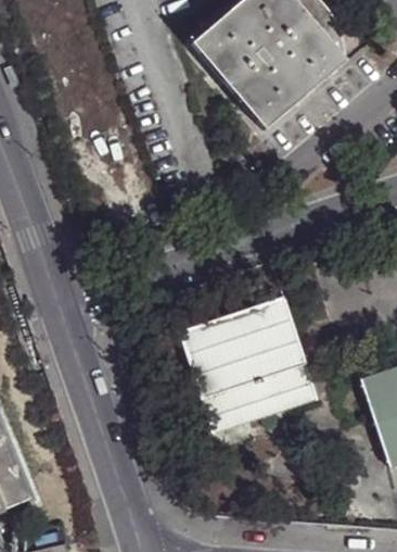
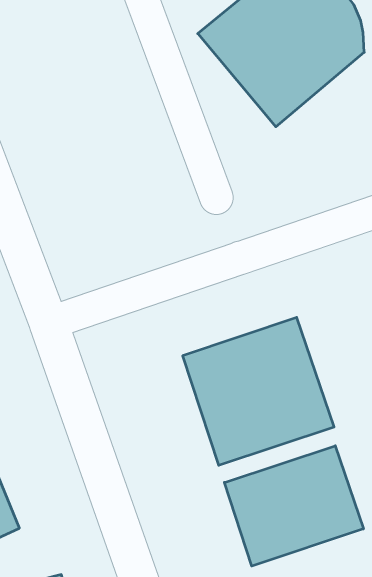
building: none -> [224,446,363,566]

